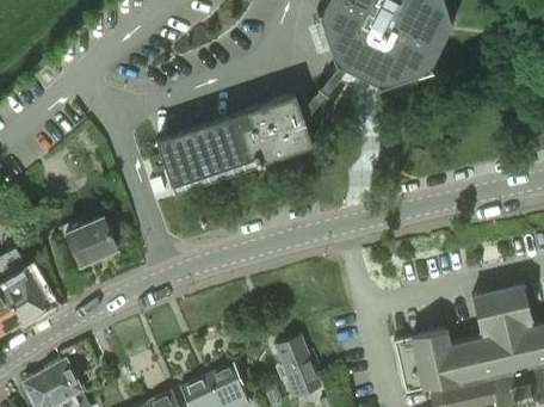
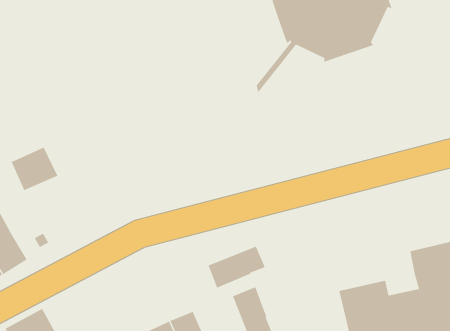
building: [157,94,314,193] -> none
building: [67,217,119,266] -> [11,147,58,191]
building: none -> [208,246,265,288]

